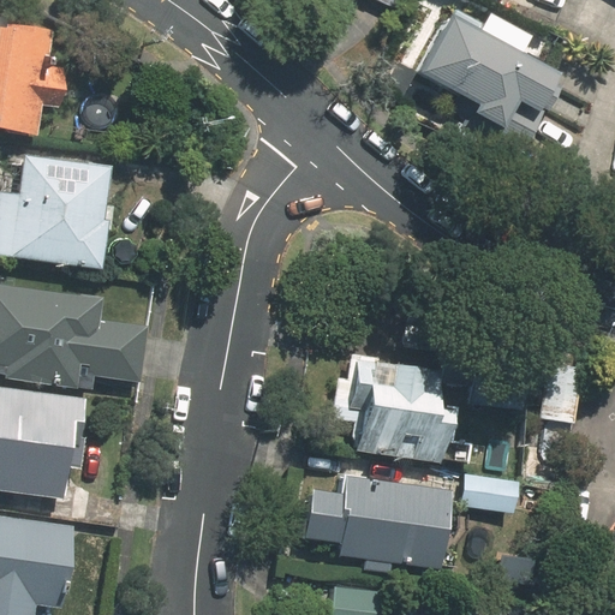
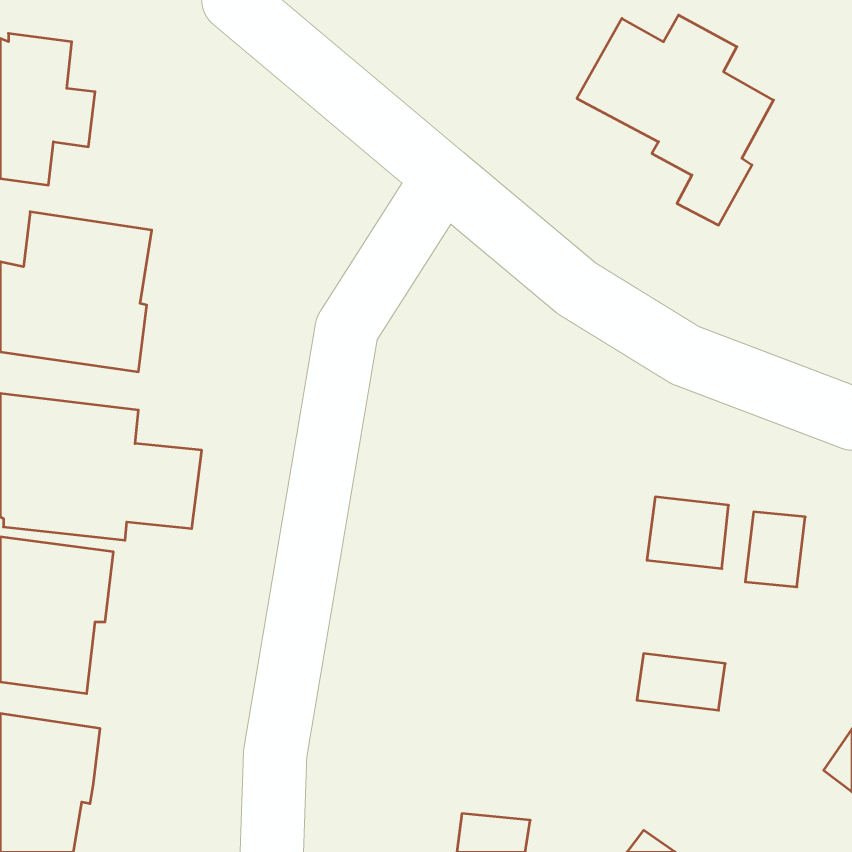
building: [329,354,449,464] -> none
building: [301,471,453,573] -> none

